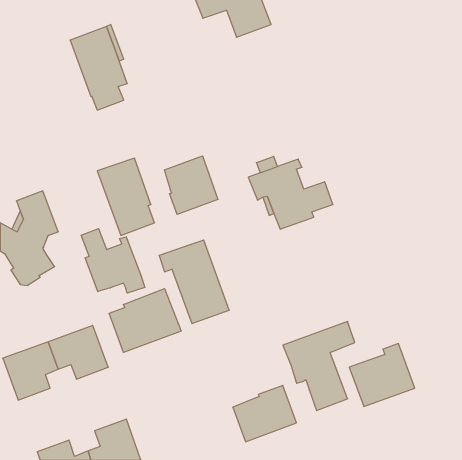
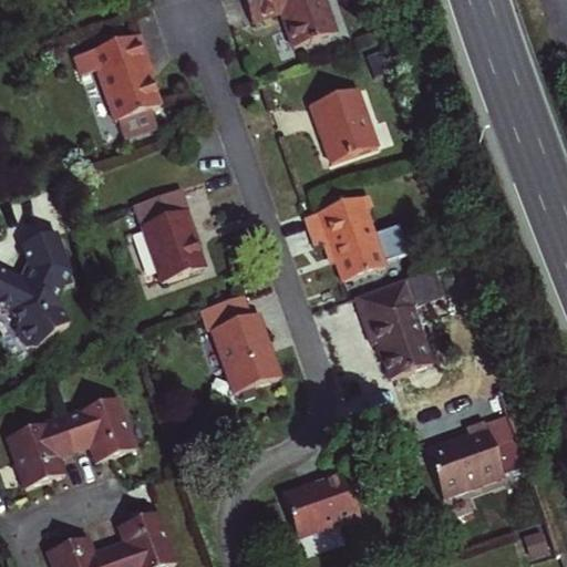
building: none -> [308,87,374,162]
building: [164,156,218,214] -> none
building: [81,229,145,293] -> none
building: [109,289,181,352] -> none
building: [283,321,355,411] -> [355,267,443,375]

